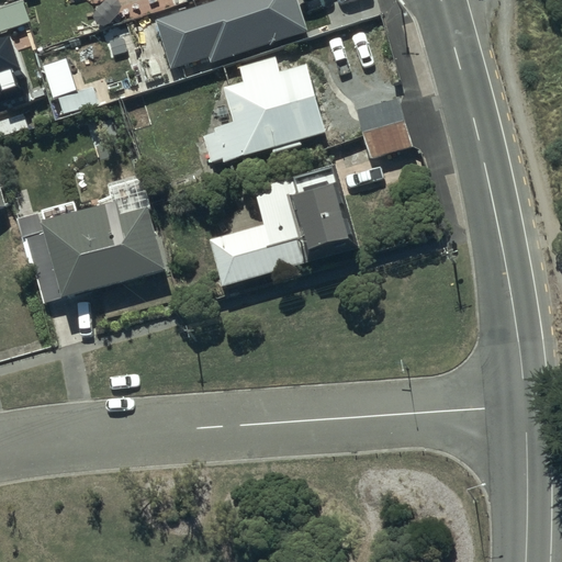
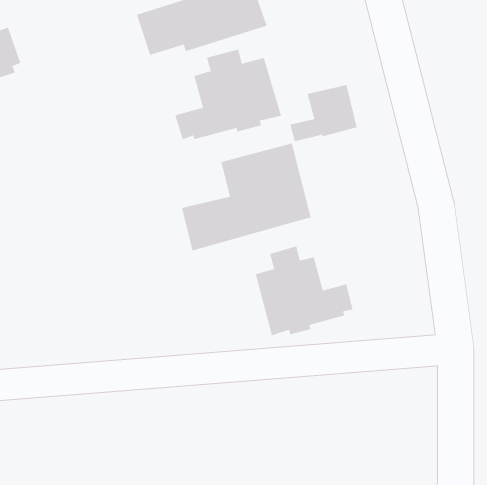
building: [38,202,164,302] -> none
building: none -> [255,246,353,336]

